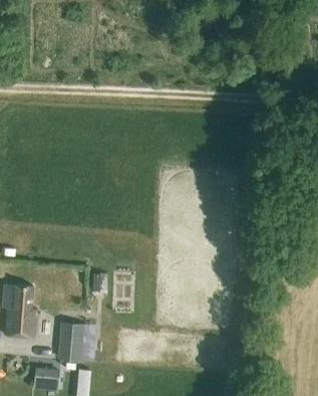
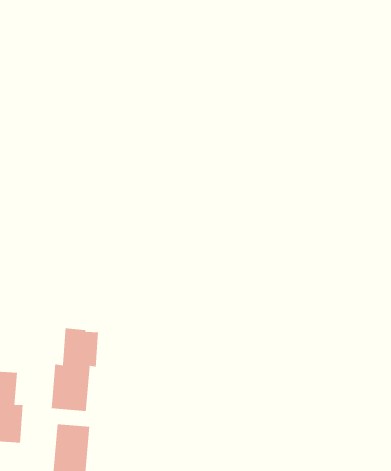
building: none -> [51,327,99,412]

